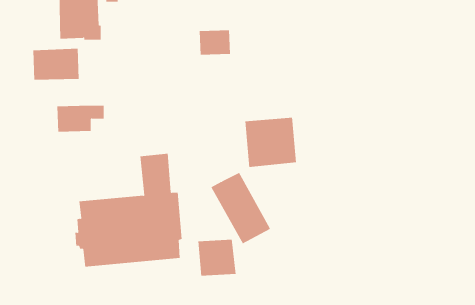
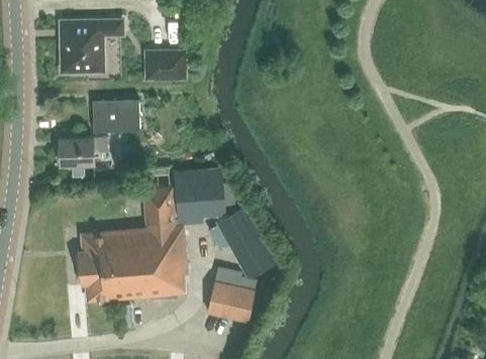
building: [199,30,231,55] -> [148,53,180,79]
building: [32,48,80,80] -> [93,101,140,133]
building: [245,117,297,167] -> [175,167,227,218]

